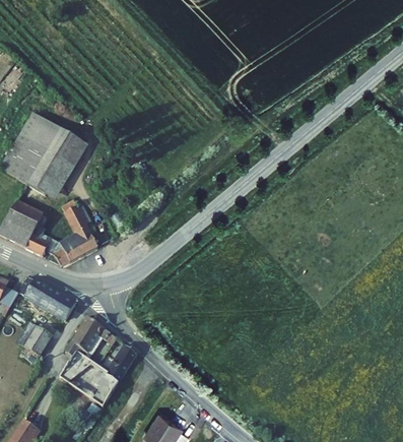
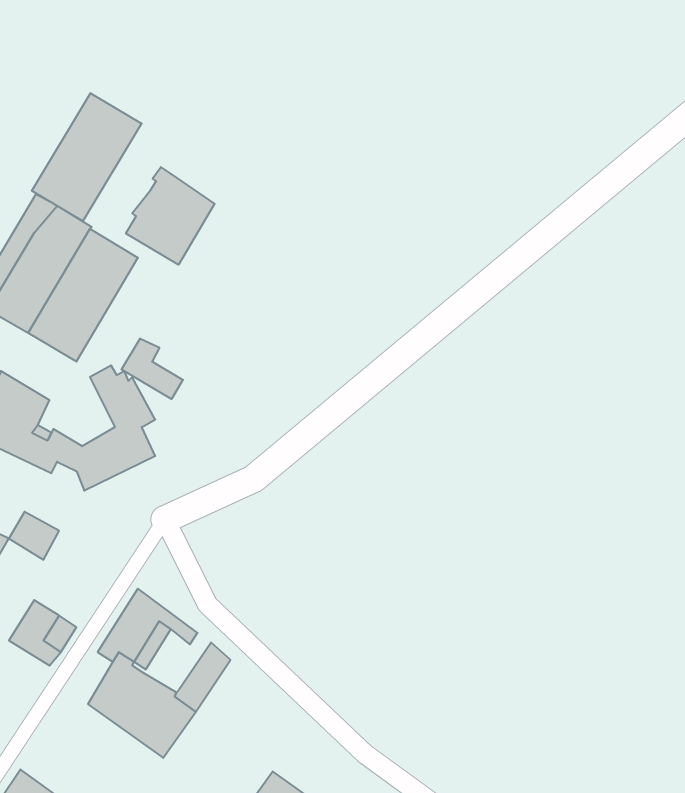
building: none -> [32,93,142,221]
building: none -> [126,167,215,265]
building: none -> [122,338,183,399]
building: [38,288,75,321] -> none

